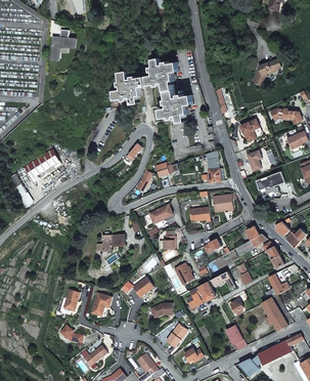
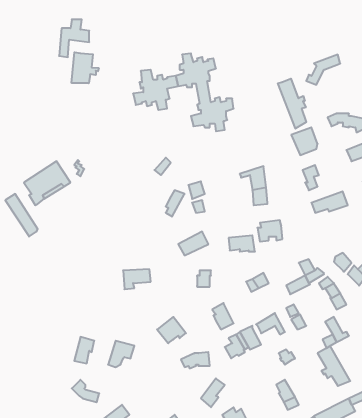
building: none -> [72,52,99,83]
building: none -> [278,79,306,129]

